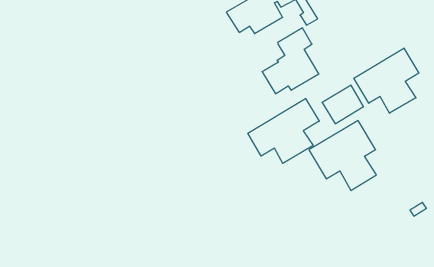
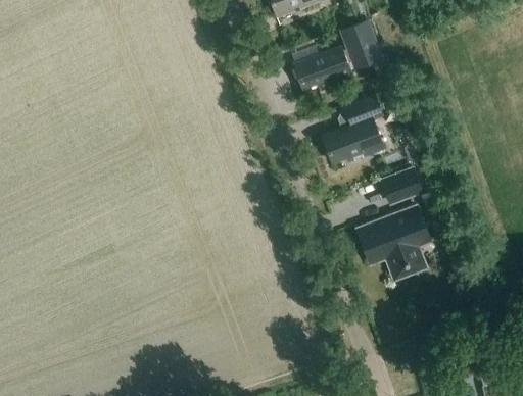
building: [354,48,419,113] -> none
building: [248,99,319,163] -> none

